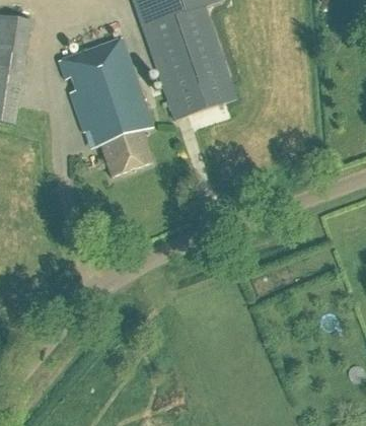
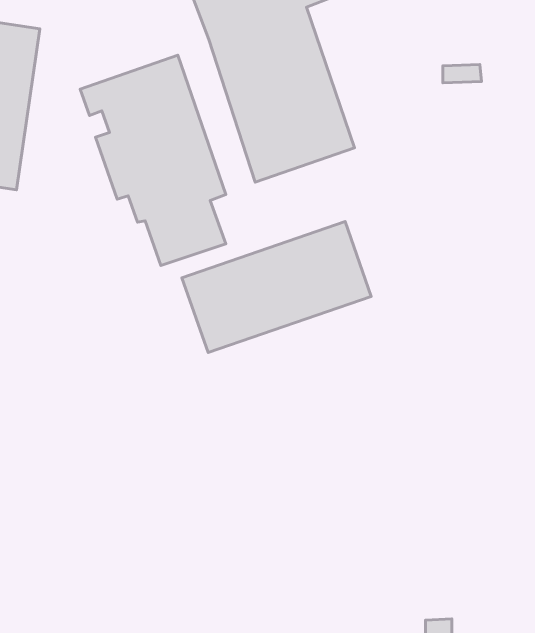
building: none -> [182,221,371,353]

